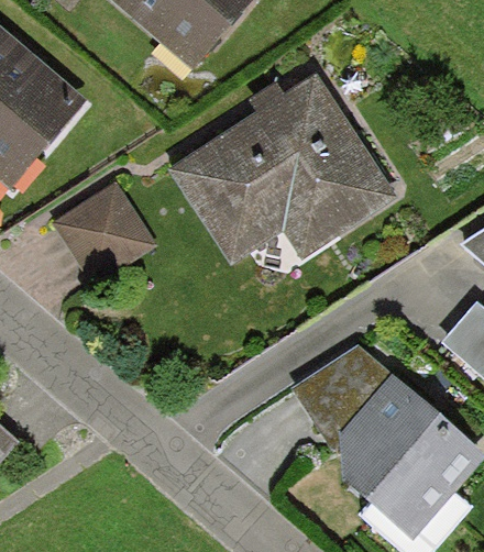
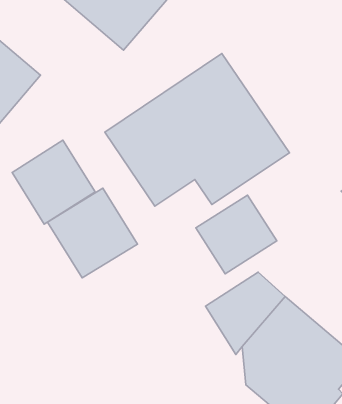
building: none -> [48,188,138,278]
building: none -> [196,195,277,274]

